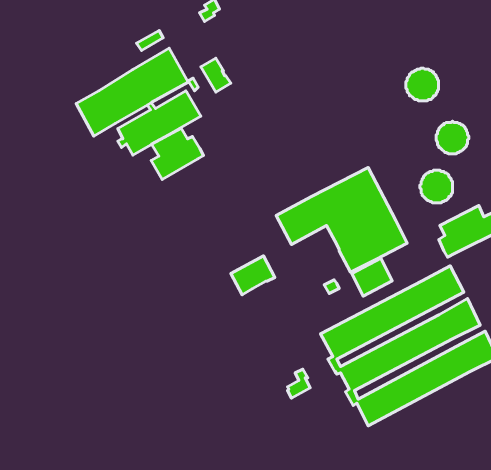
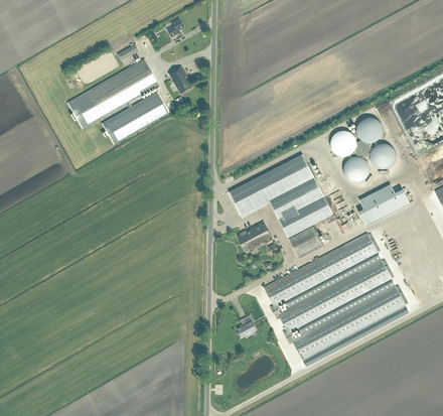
building: [406,68,439,101] -> [330,129,356,155]
building: [151,128,204,179] -> none
building: none -> [370,142,396,168]
building: [231,256,275,295] -> [237,221,272,252]

